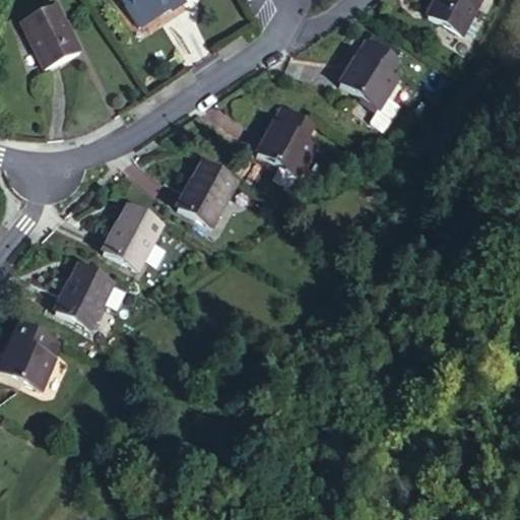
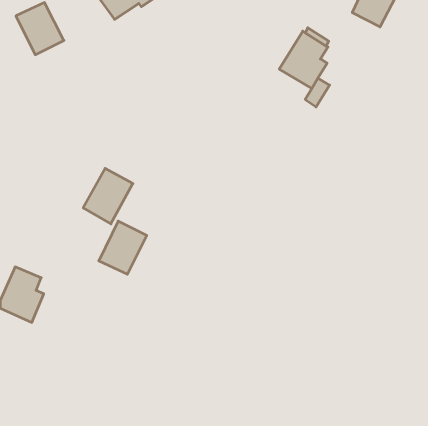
building: [257,106,315,174] -> none
building: [177,160,237,225] -> none
building: [56,263,114,327] -> [99,221,147,274]

